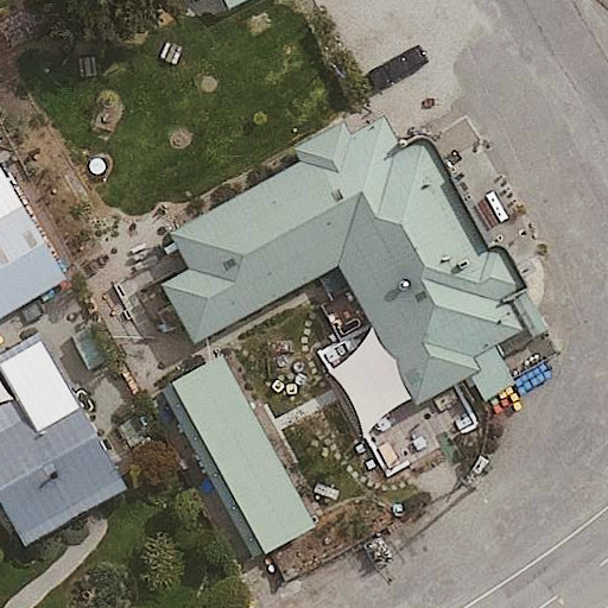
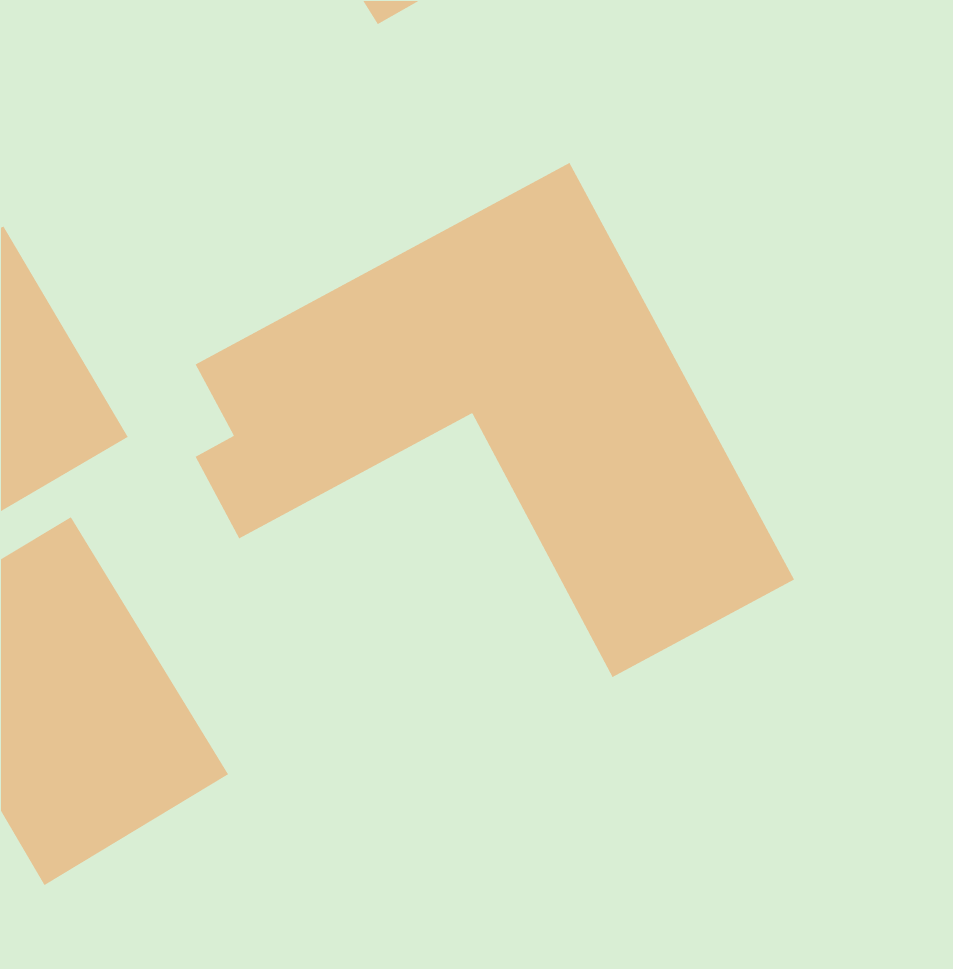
building: [148,357,293,559] -> none

